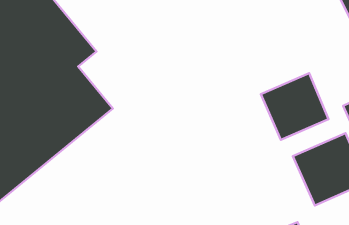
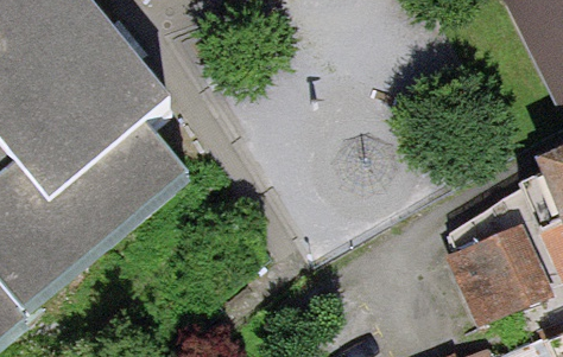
building: [261,73,329,140] -> none

